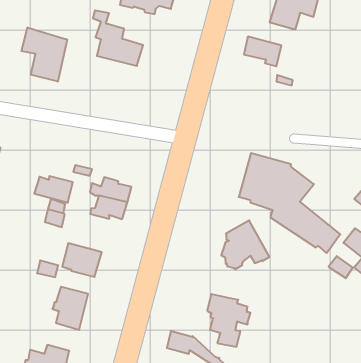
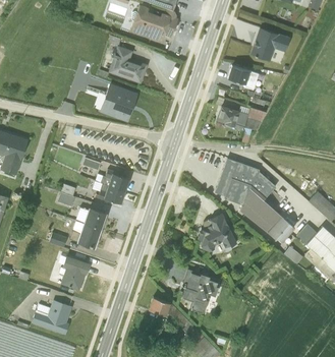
building: [21,27,67,82] -> none
building: none -> [101,84,136,120]
building: none -> [218,106,266,141]
building: [34,176,73,203] -> [75,206,107,229]

